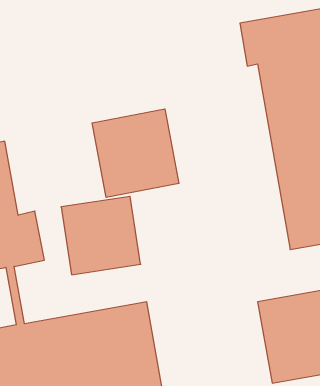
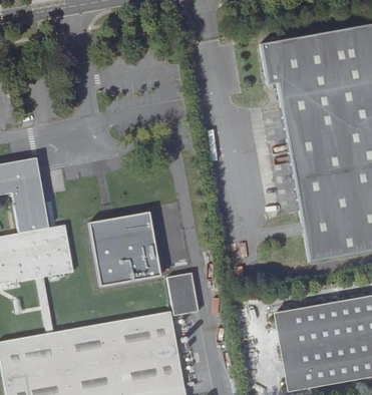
building: [92,109,179,197] -> none
building: none -> [167,273,199,316]

